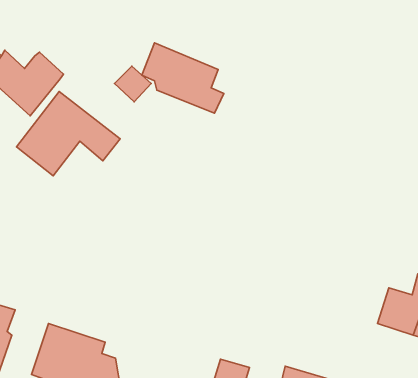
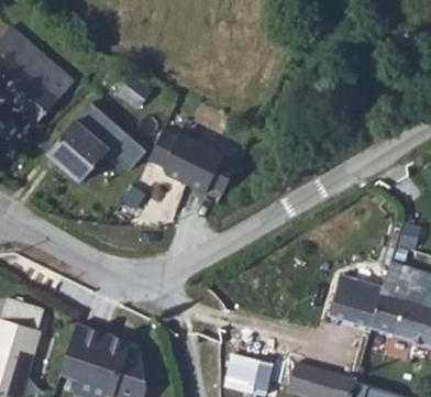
building: [142,43,224,113] -> [146,130,224,197]
building: none -> [346,266,402,323]

